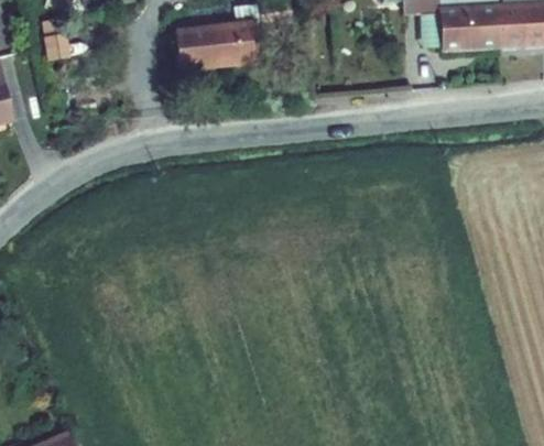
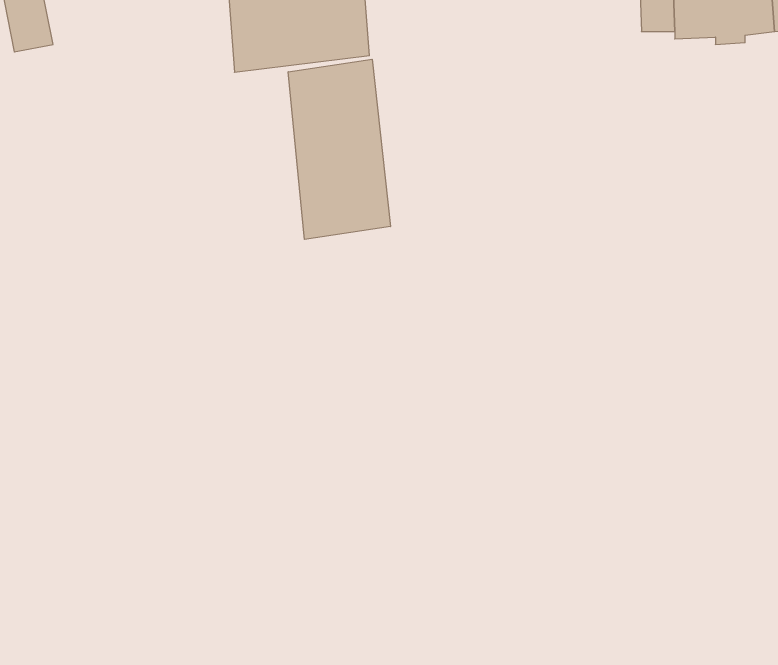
building: none -> [288,59,390,239]

